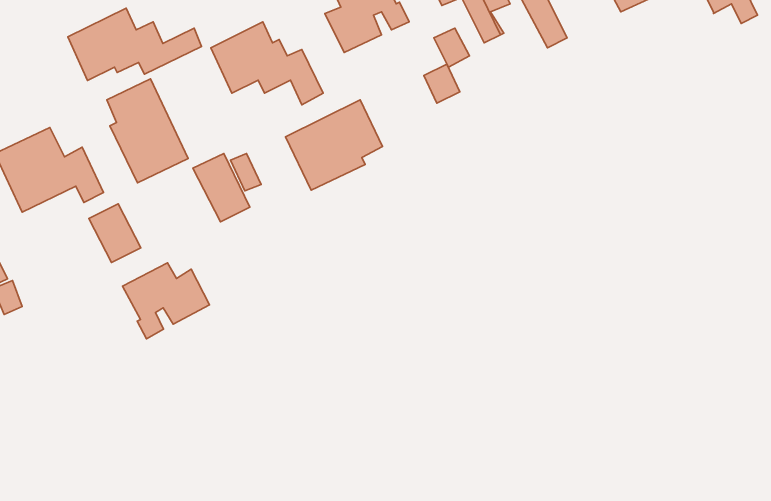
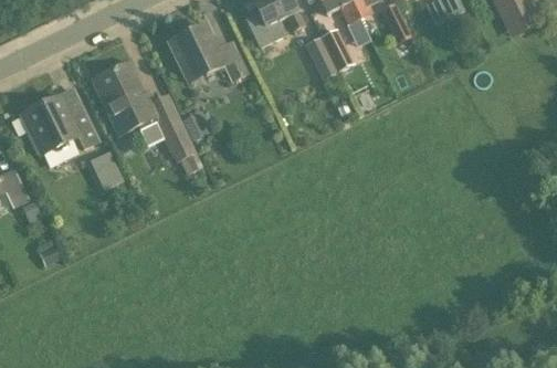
building: [68,8,202,80] -> none
building: [285,100,383,190] -> none
building: [122,263,210,339] -> none

